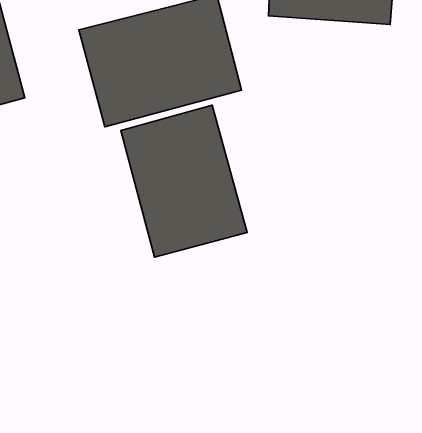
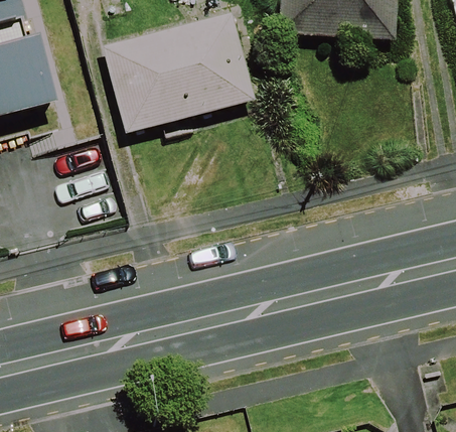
building: [121,105,247,257] -> none

